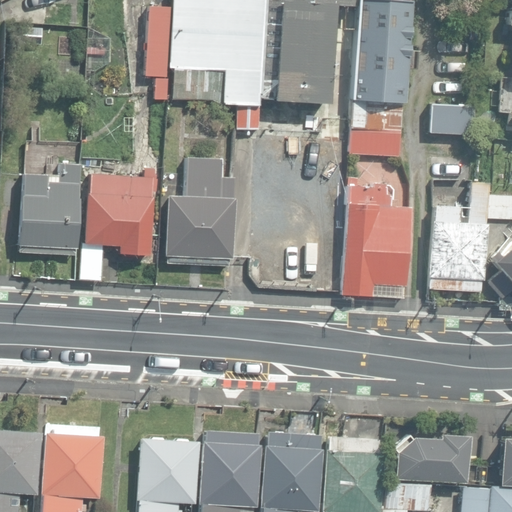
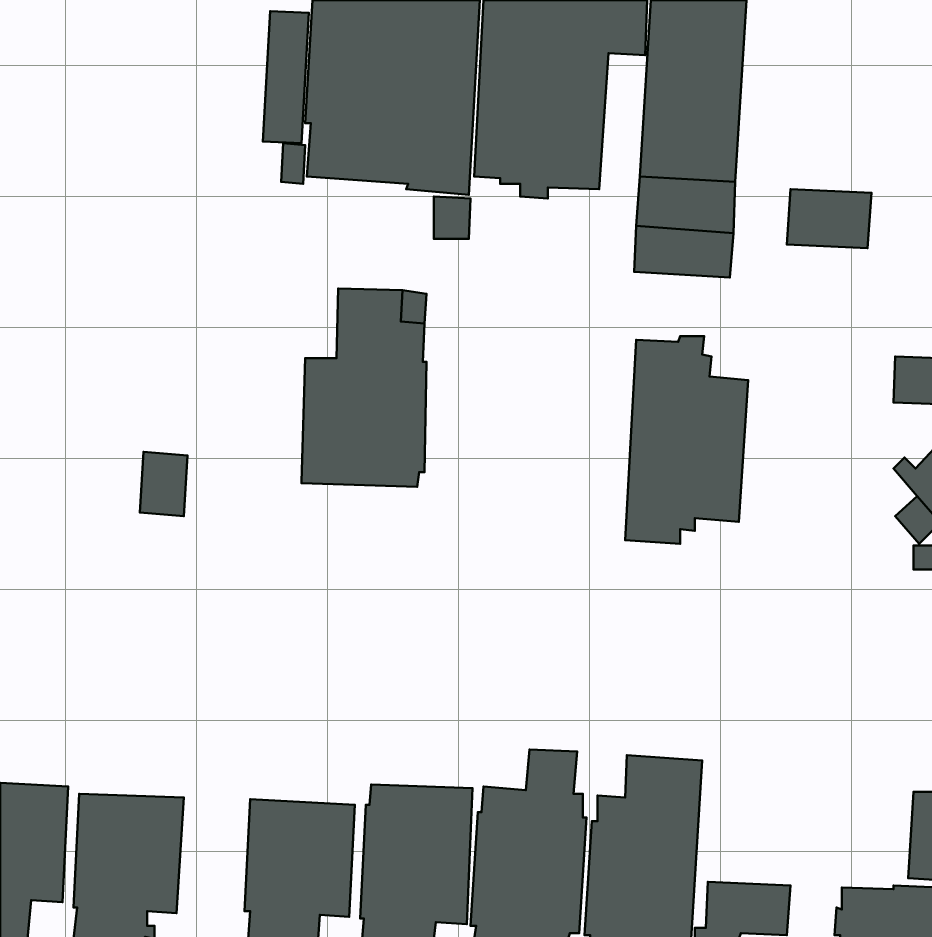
building: [22,163,83,255] -> none
building: [86,170,162,255] -> none
building: [429,179,488,288] -> none
building: [394,431,470,482] -> none

